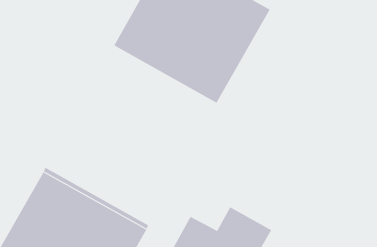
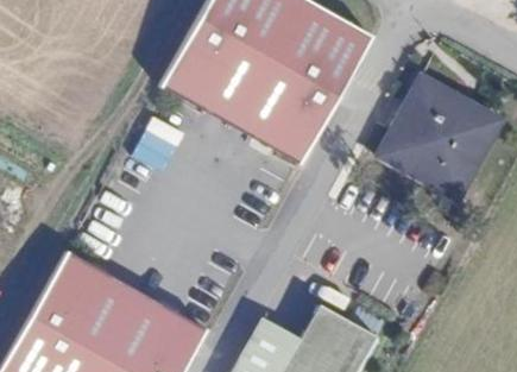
building: none -> [379,78,499,198]

